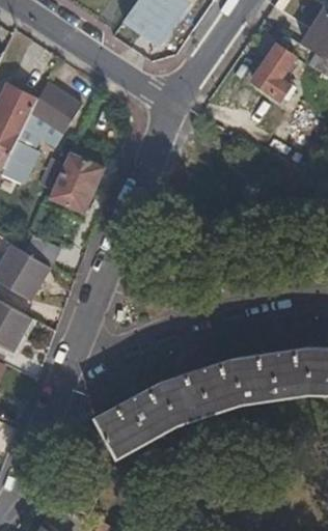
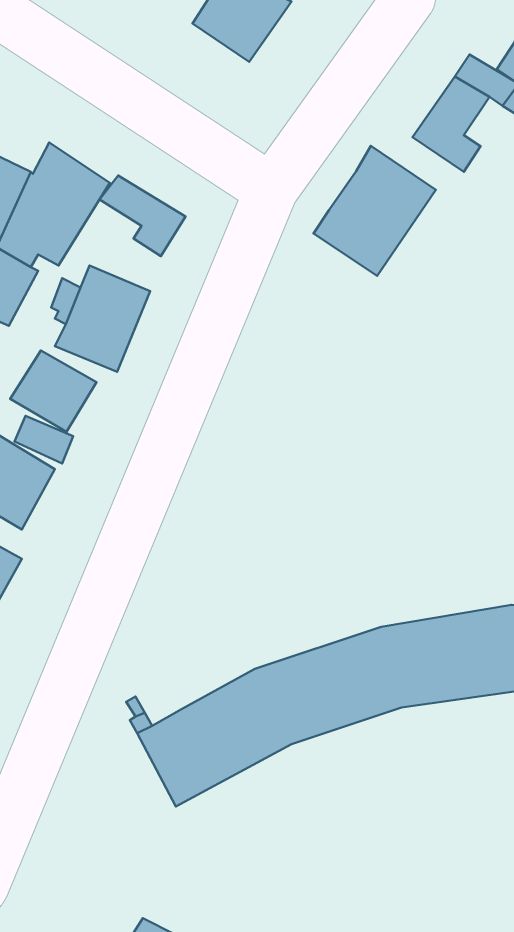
building: none -> [313,146,436,276]
building: none -> [100,175,186,256]
building: none -> [10,350,96,432]

